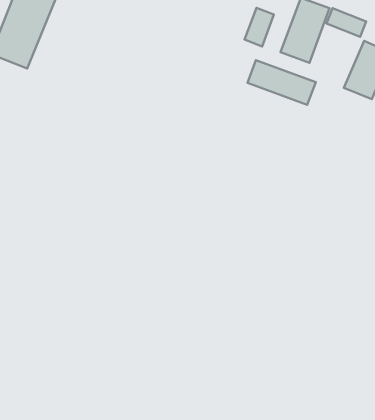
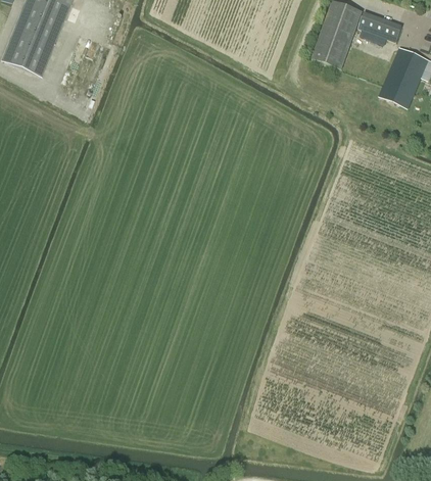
building: [245,8,274,46] -> none
building: [247,60,316,105] -> none

